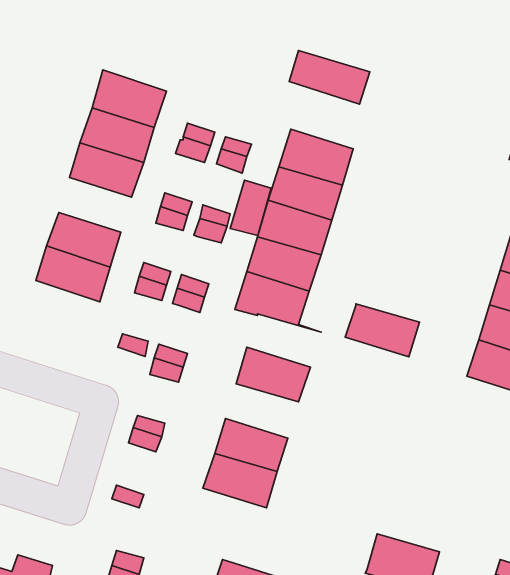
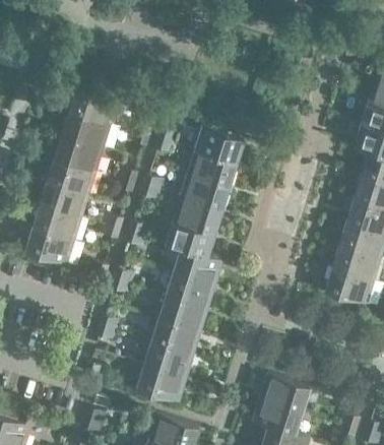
building: [289,50,370,104] -> none
building: none -> [47,161,95,197]
building: [230,180,271,235] -> none
building: none -> [24,230,74,268]
building: [345,304,420,357] -> [173,252,222,288]
building: none -> [158,299,207,335]
building: none -> [136,369,186,406]
building: none -> [260,375,310,411]

